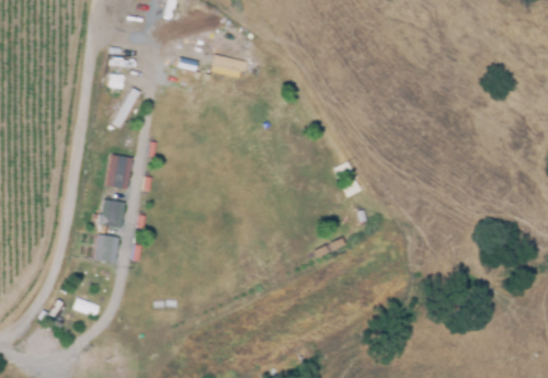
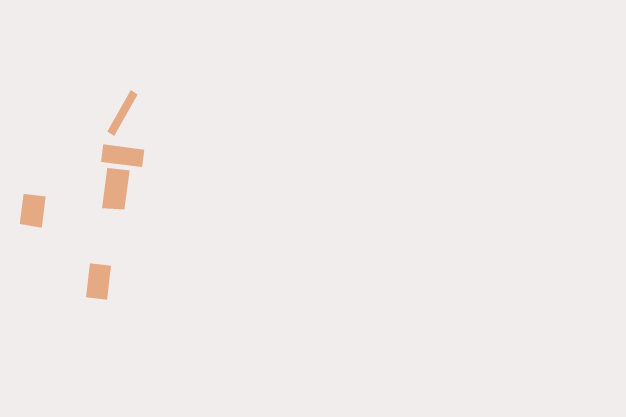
building: none -> [100,144,145,168]
building: [100,199,123,228] -> [19,194,47,228]

